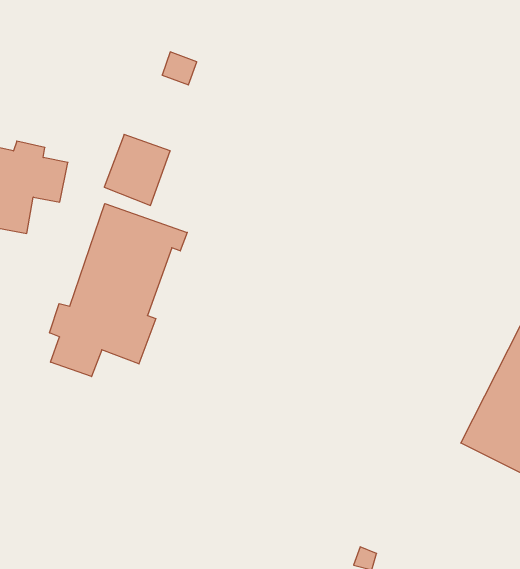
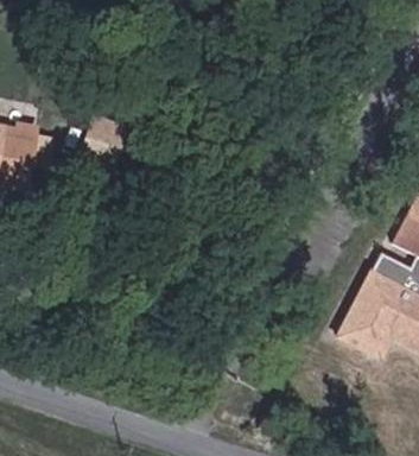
building: [50,204,187,377] -> none

